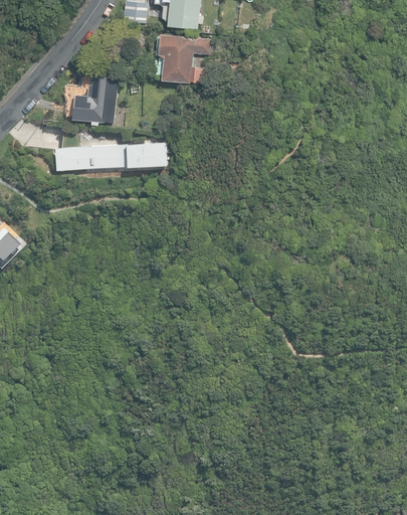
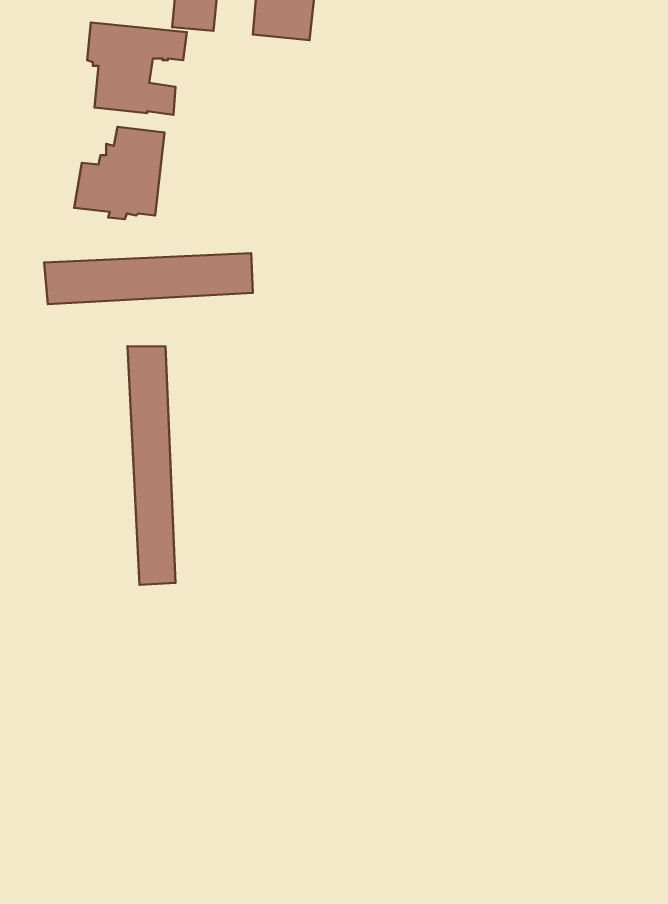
building: [157,33,210,82] -> [87,23,187,115]
building: none -> [128,346,175,585]

